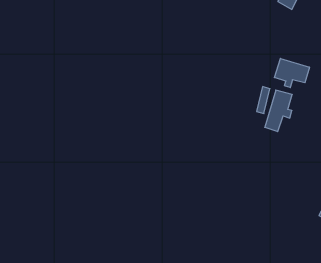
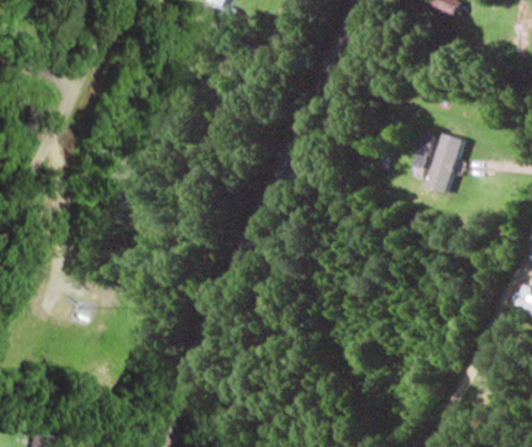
building: [274,58,309,88] -> none

